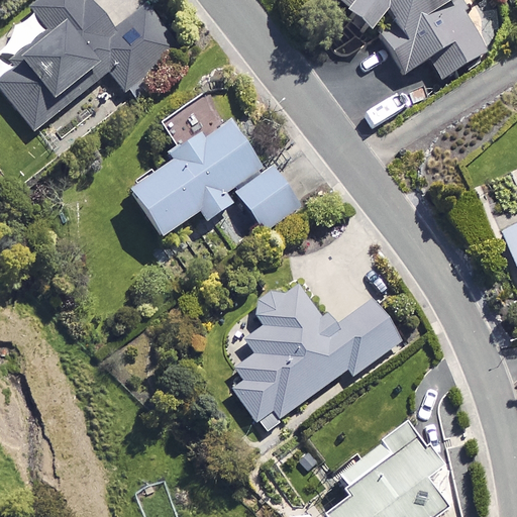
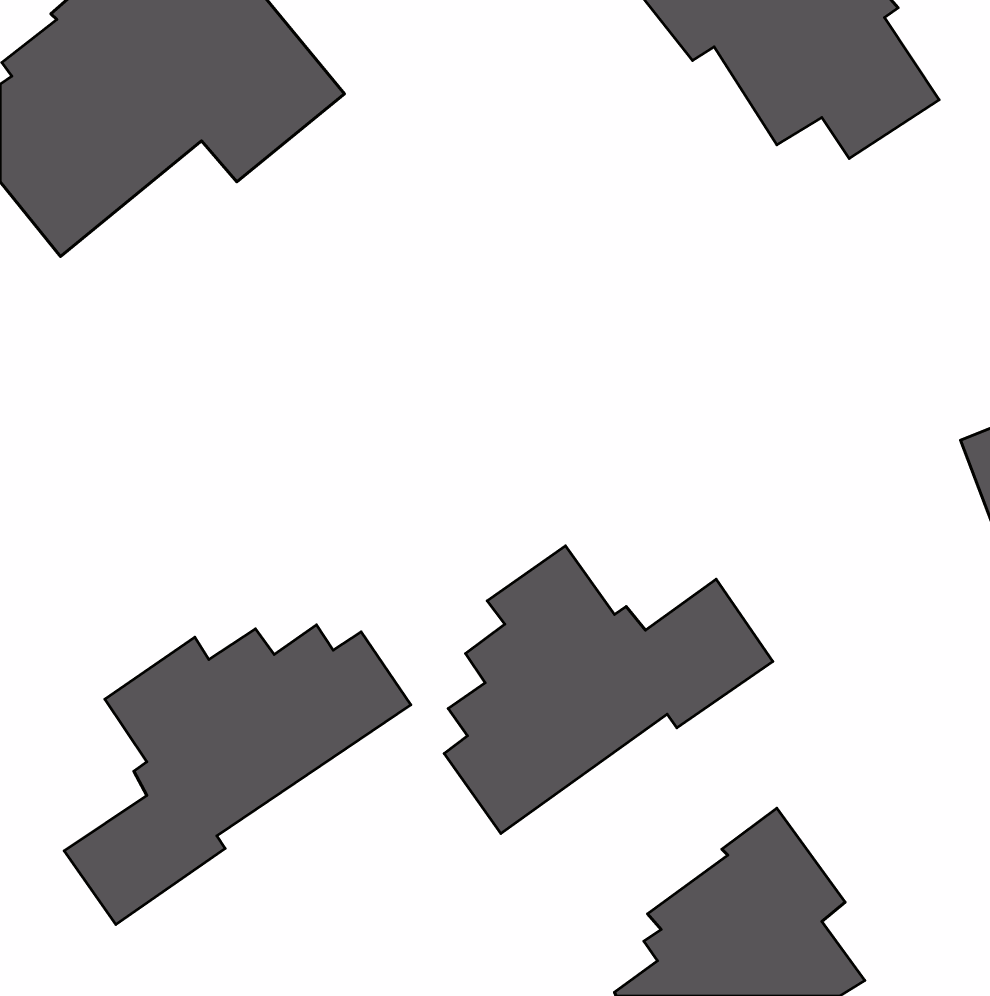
building: [129,118,305,237] -> none
building: none -> [64,625,411,925]

